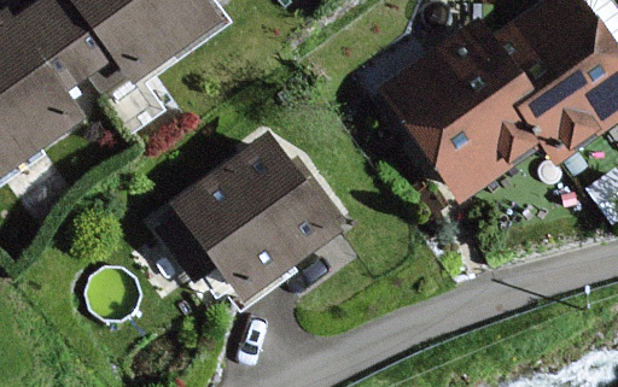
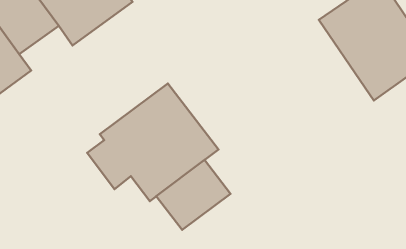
building: [391,29,550,195] -> none
building: none -> [156,160,230,230]

